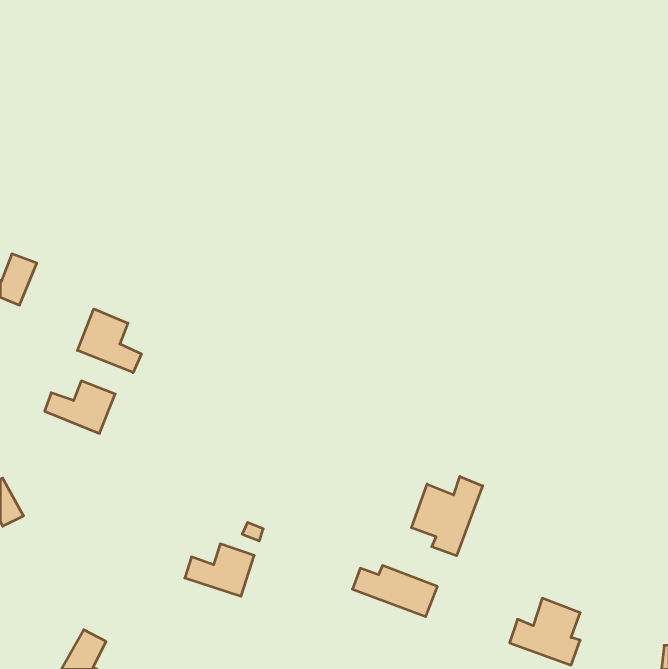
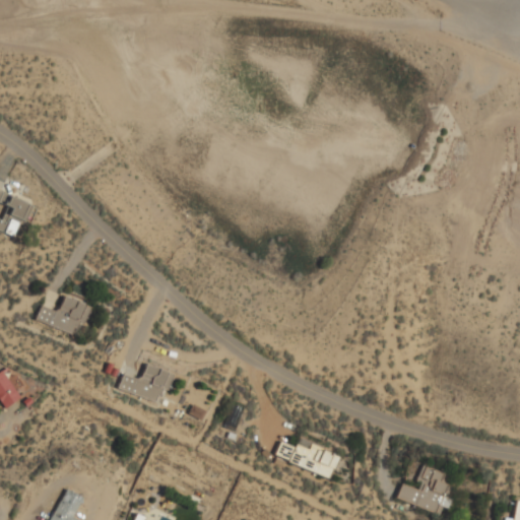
building: [77,309,141,373] -> none
building: [411,476,483,556] -> none
building: [185,544,254,596] -> [118,363,172,403]

